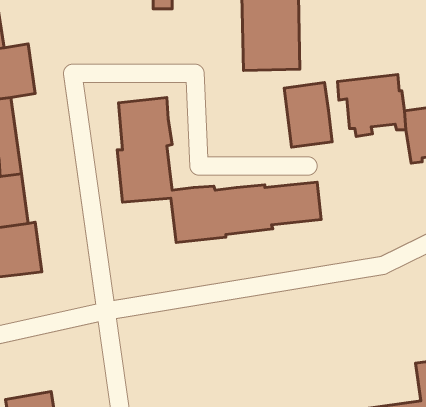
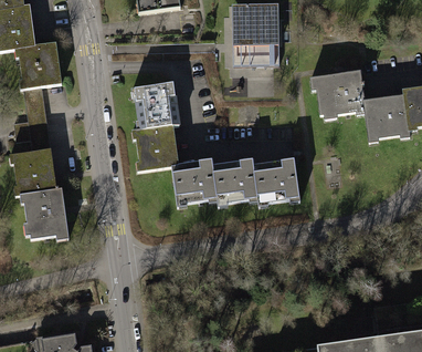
building: [284,83,332,147] -> none

